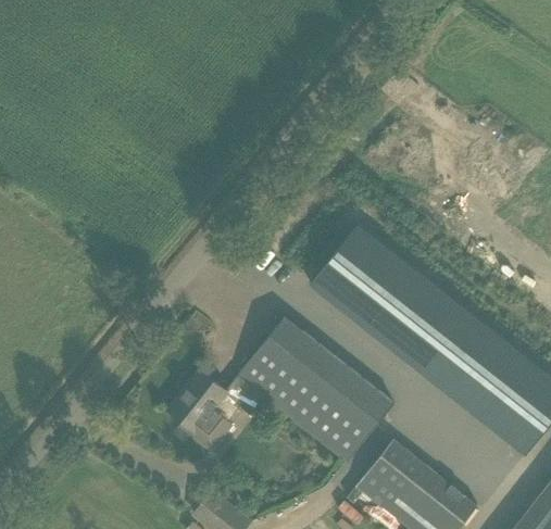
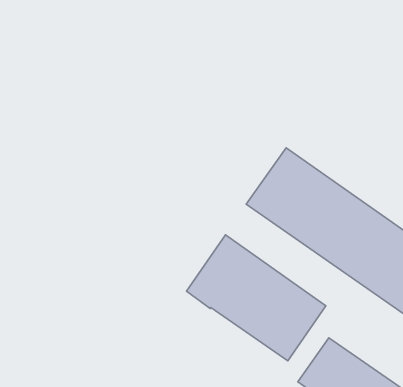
building: [168,371,263,450] -> none

